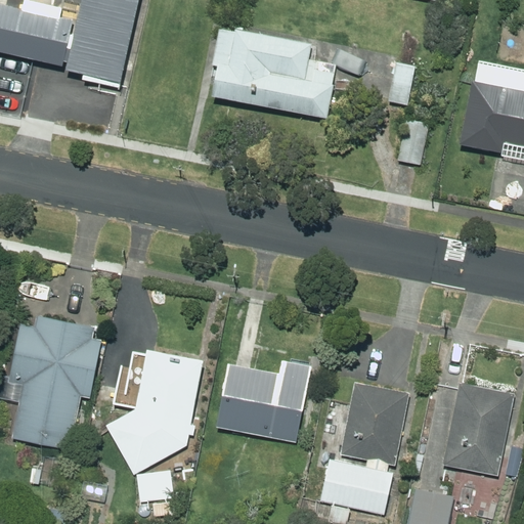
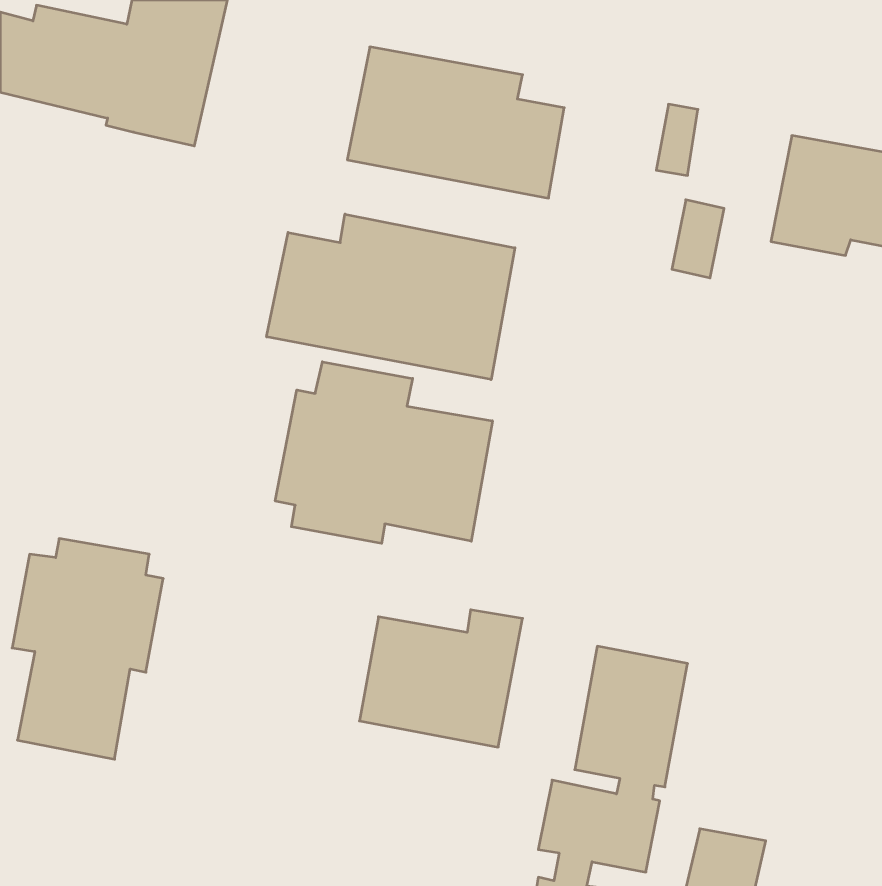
building: none -> [267,214,515,380]
building: none -> [275,362,492,543]
building: [106,350,201,474] -> none
building: [444,382,514,480] -> none

